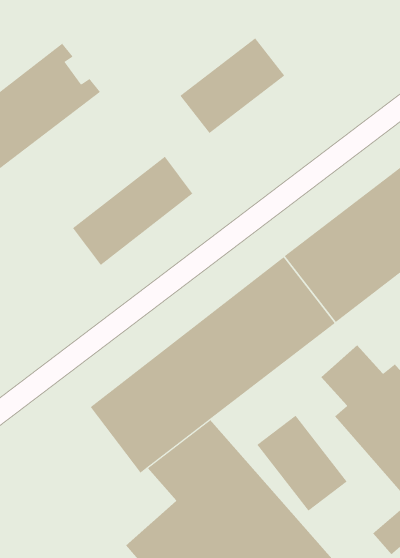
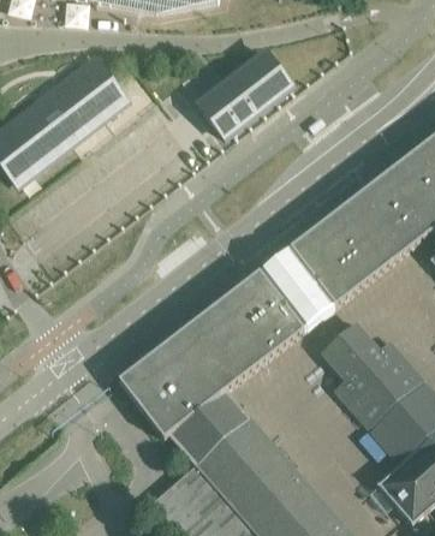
building: [72,156,193,266] -> none
building: [257,415,347,511] -> none

